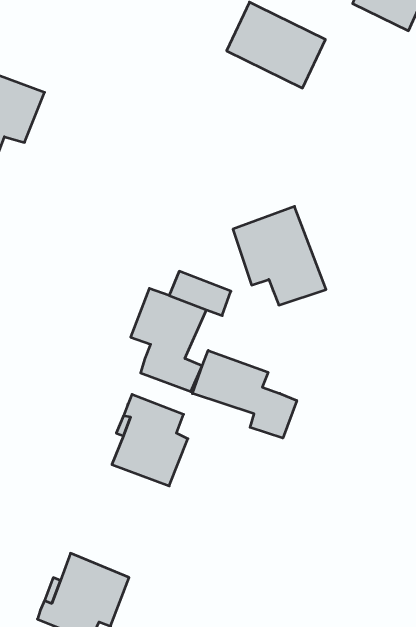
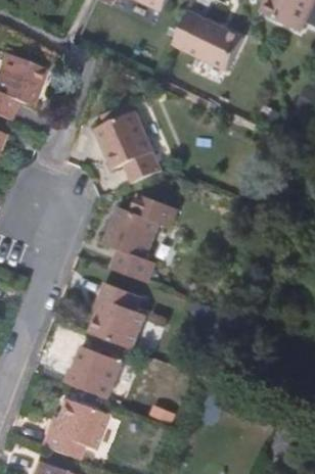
building: [233,206,326,305] -> [100,115,167,186]
building: [192,350,297,438] -> none
building: none -> [62,348,123,399]

